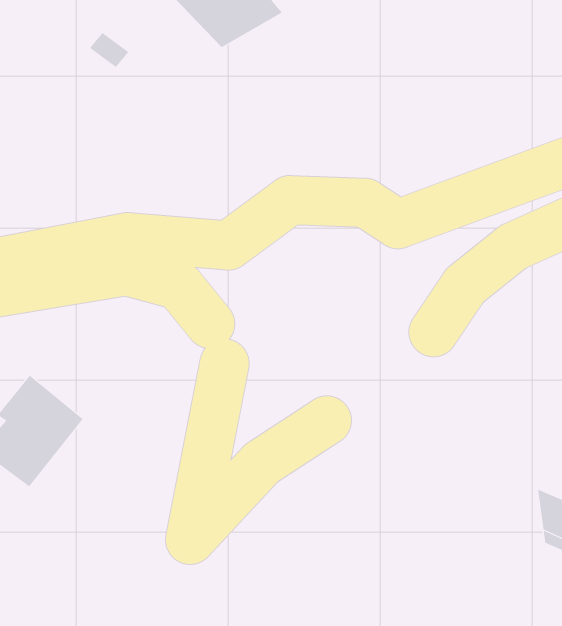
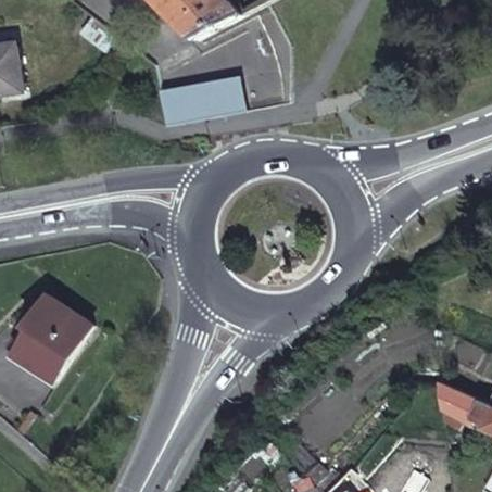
building: none -> [162,76,245,124]

